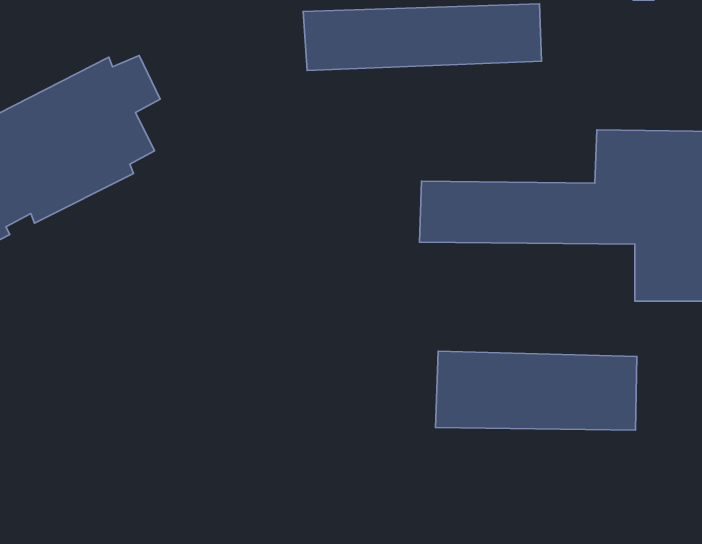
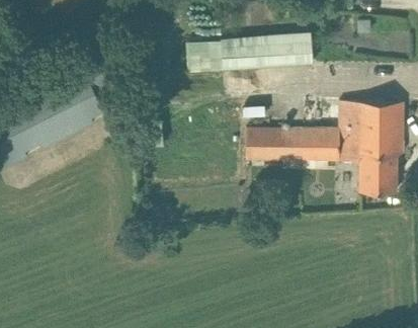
building: [435,351,637,430] -> none

